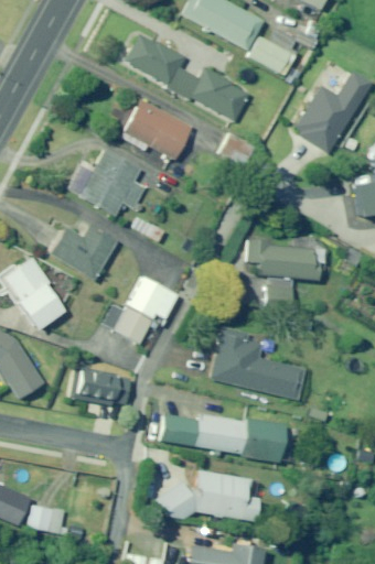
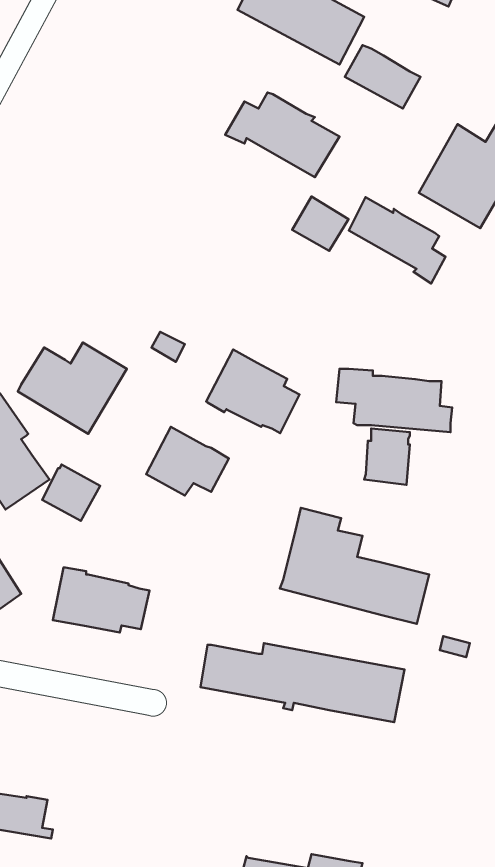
building: [122,34,189,94] -> none
building: [118,99,190,159] -> none
building: none -> [349,197,445,284]
building: [76,149,142,216] -> none
building: none -> [206,350,299,433]
building: [114,308,150,344] -> [42,465,100,521]
building: [150,470,256,522] -> none

